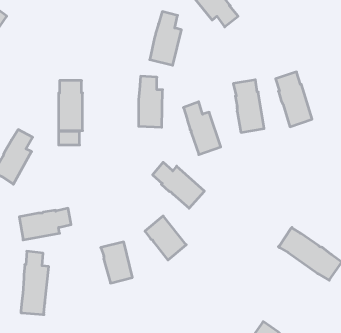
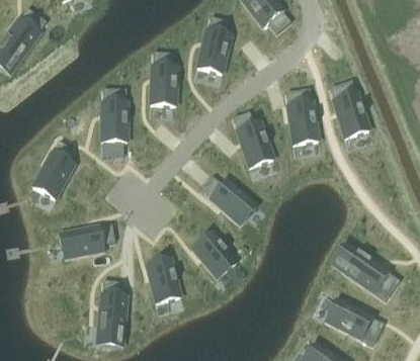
building: [139,76,163,127] -> [151,53,176,106]
building: [21,251,49,315] -> [97,280,127,347]
building: none -> [326,300,384,345]

